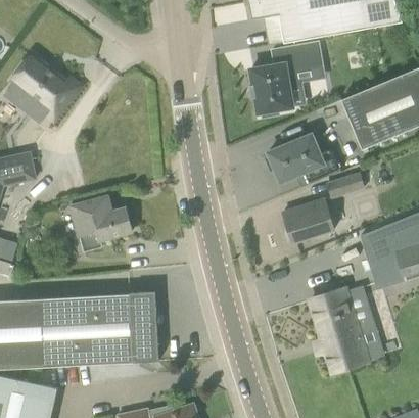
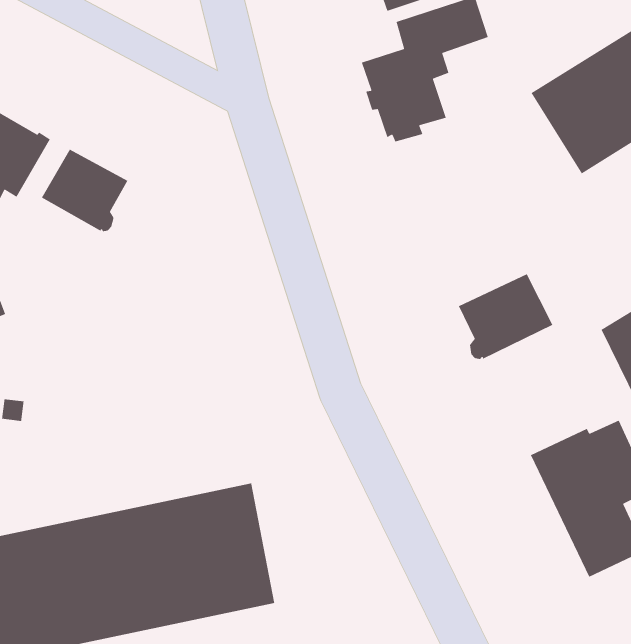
building: none -> [41,148,129,232]
building: [265,135,340,188] -> none
building: [327,174,362,199] -> none
building: [72,196,132,250] -> none

